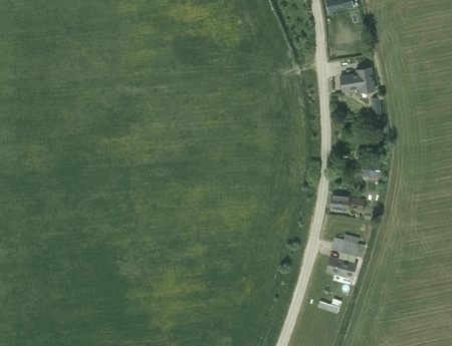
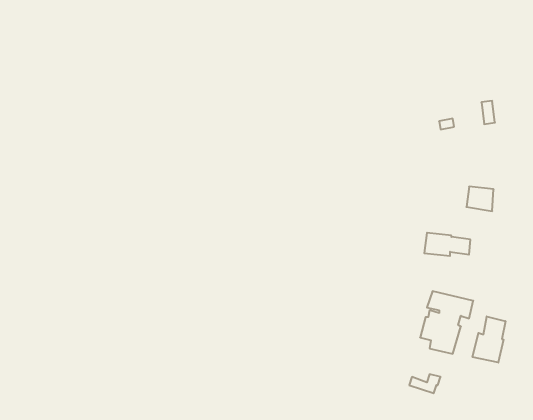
building: [340,67,374,92] -> none
building: none -> [473,316,505,363]

